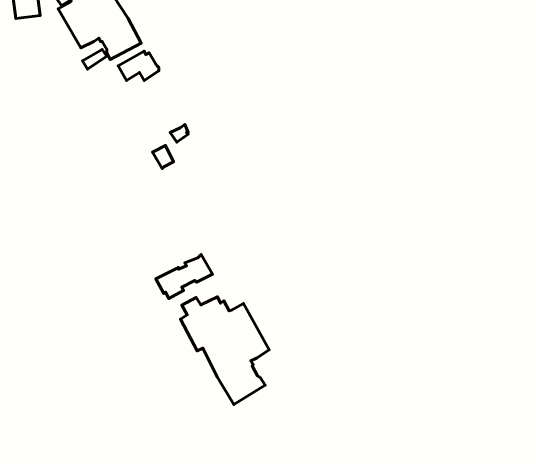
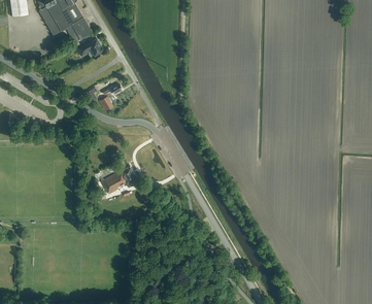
building: [181,297,269,404] -> none

